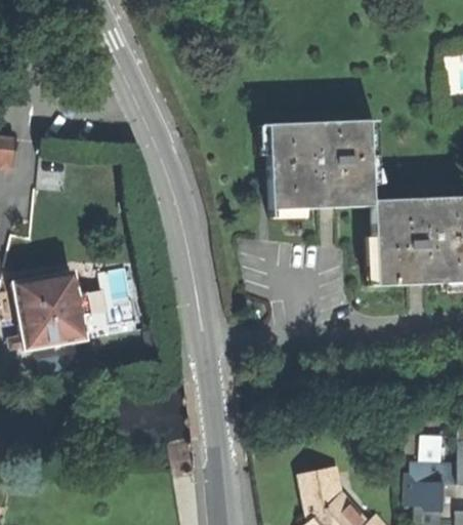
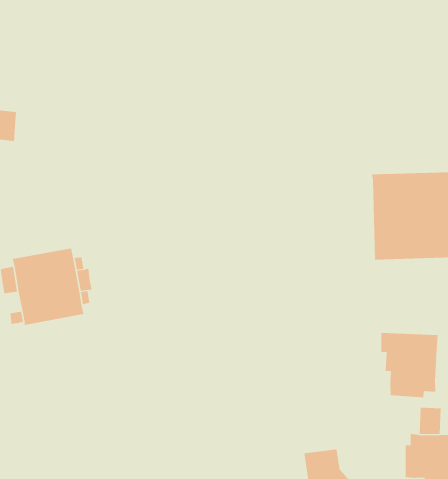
building: [267,120,374,209] -> none
building: none -> [381,332,438,398]

